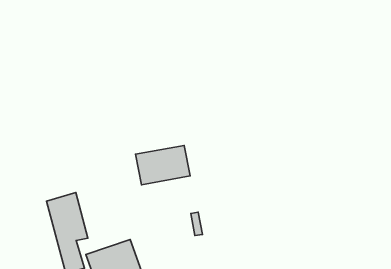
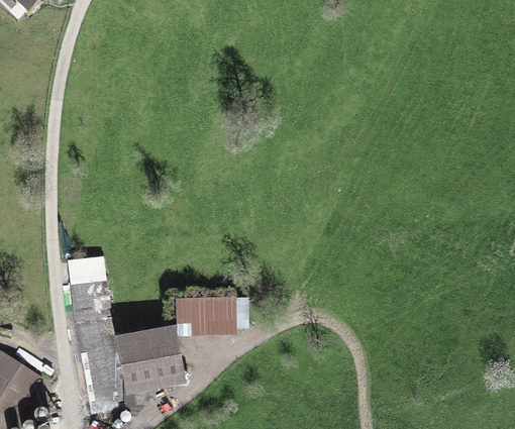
building: [135,145,190,185] -> [175,302,236,341]

